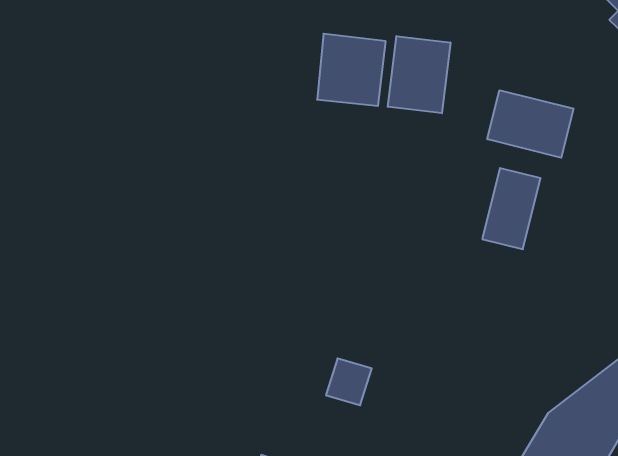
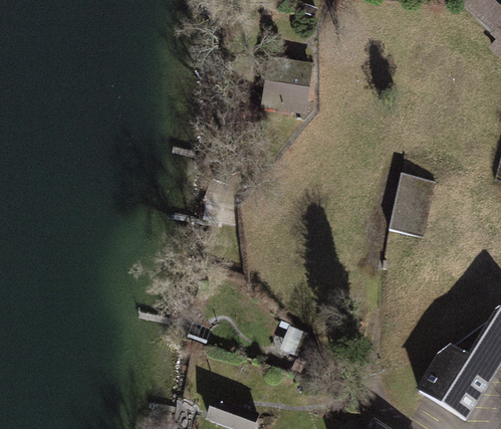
building: [388,36,450,113] -> none
building: [487,90,573,158] -> none

